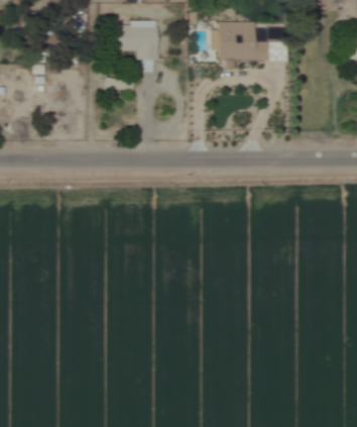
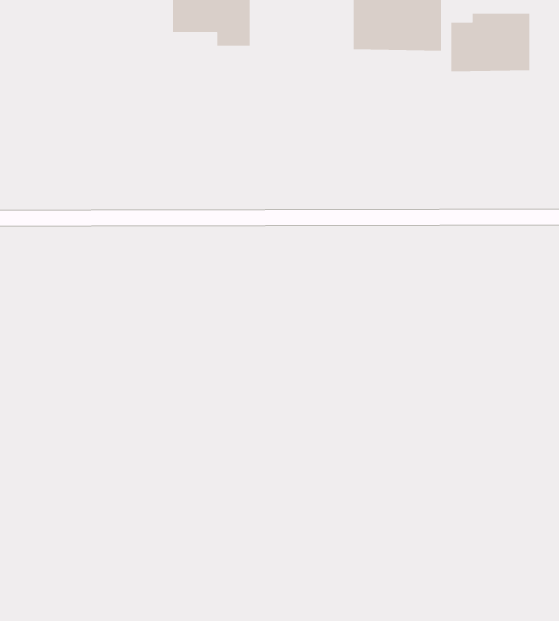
building: none -> [450,13,530,72]

